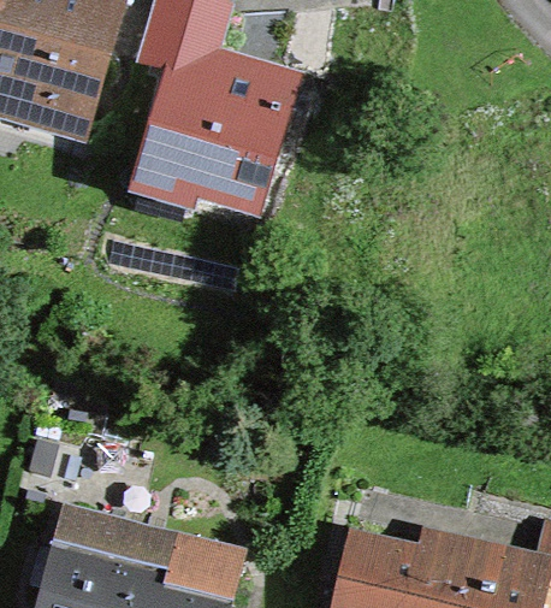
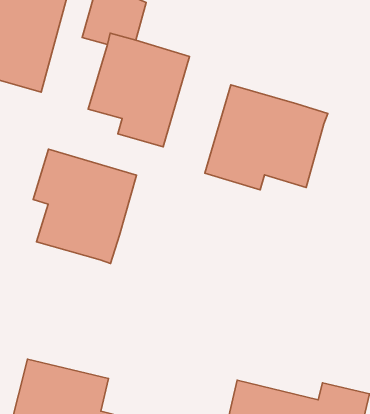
building: none -> [205,85,328,190]
building: none -> [33,149,137,264]

